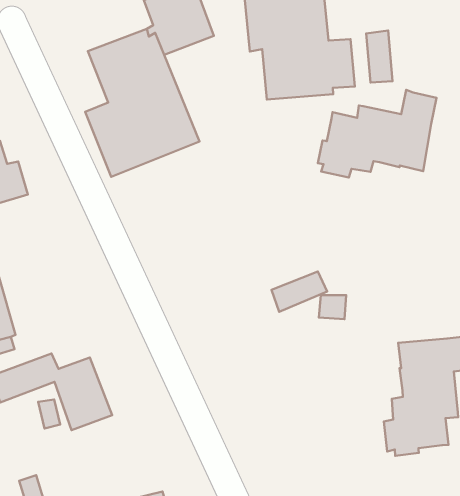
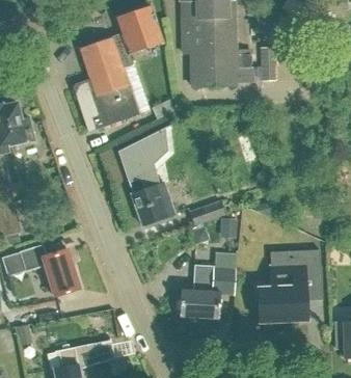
building: [318,90,436,178] -> none
building: none -> [118,122,176,225]
building: none -> [179,264,236,319]

